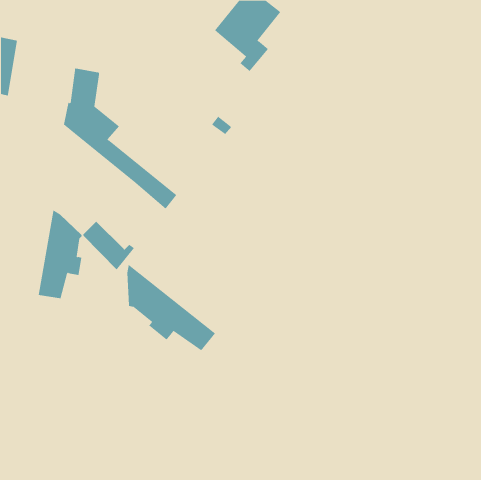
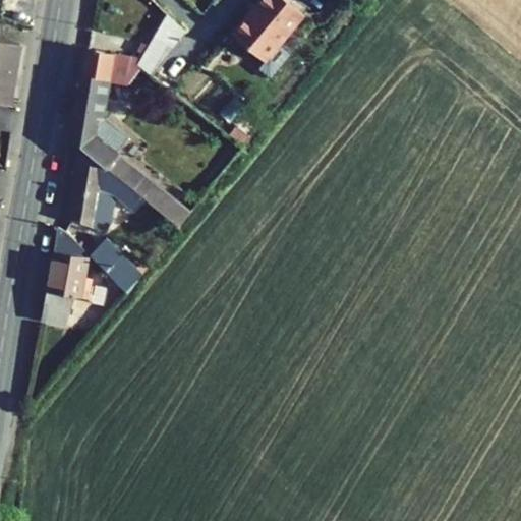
building: none -> [81,15,186,86]
building: none -> [70,147,147,231]
building: [127,264,216,351] -> none

